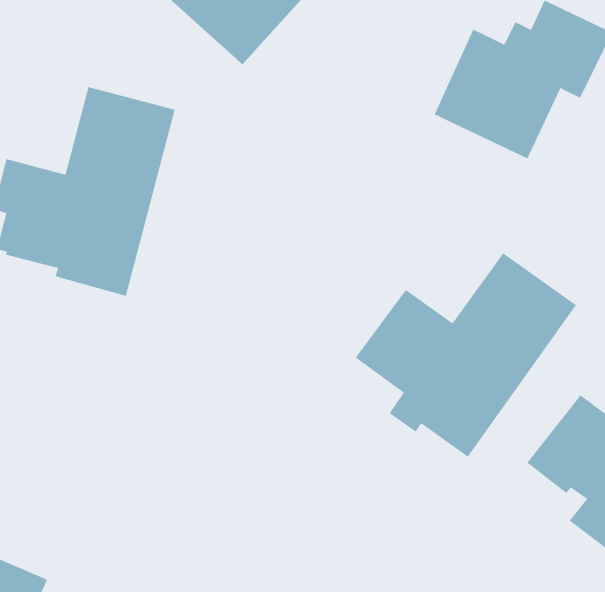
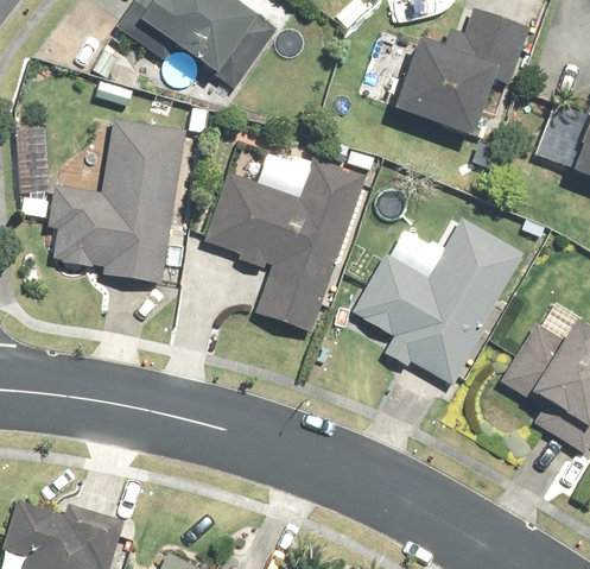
building: none -> [204,157,367,334]

